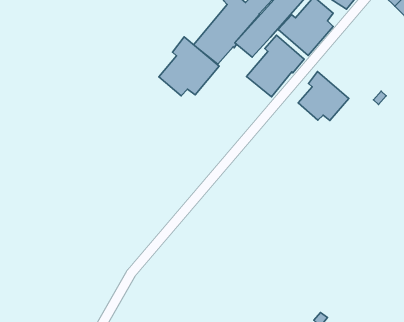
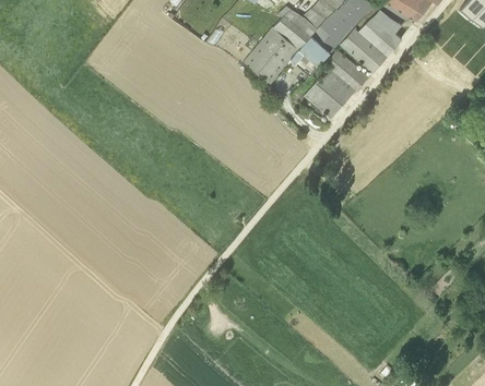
building: [159,37,219,96] -> none
building: [298,72,349,120] -> none

